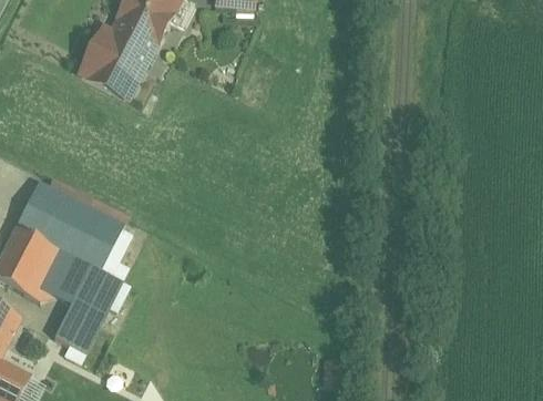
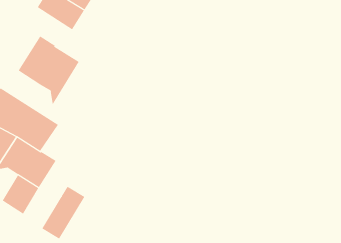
building: none -> [18,36,80,106]
building: none -> [42,186,85,240]

